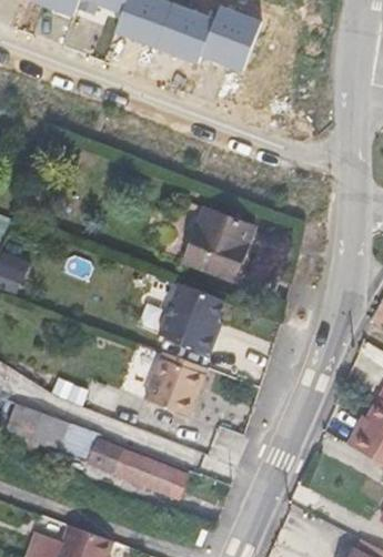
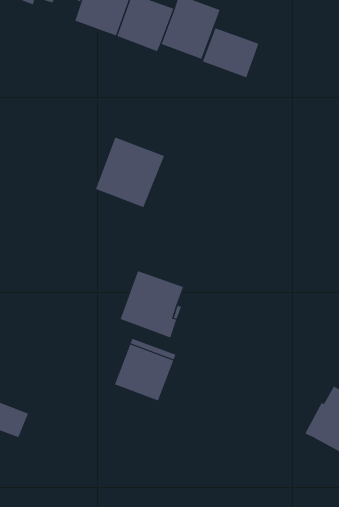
building: none -> [202,28,259,78]
building: [183,210,253,281] -> [95,137,165,208]
building: [87,439,188,498] -> none

